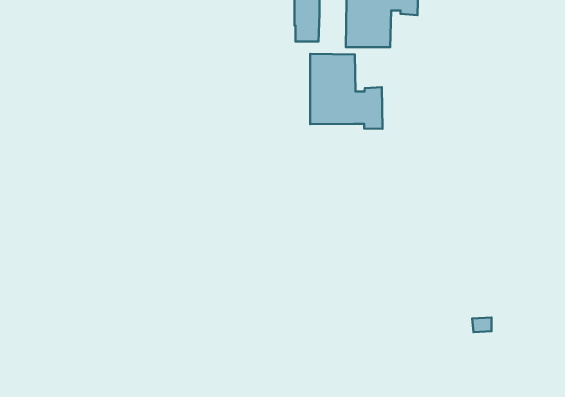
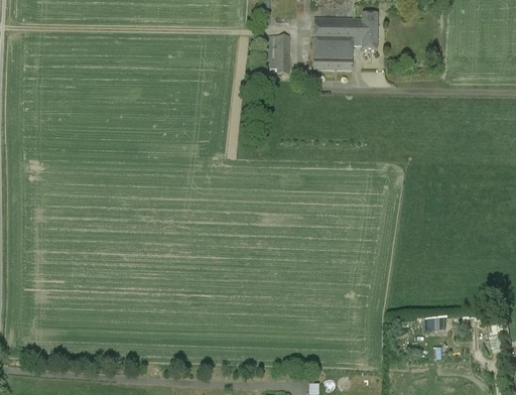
building: [310,54,382,129] -> none

